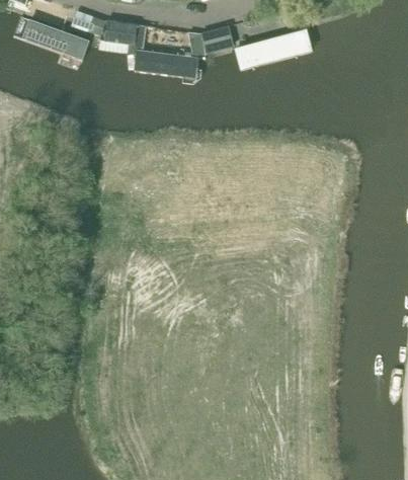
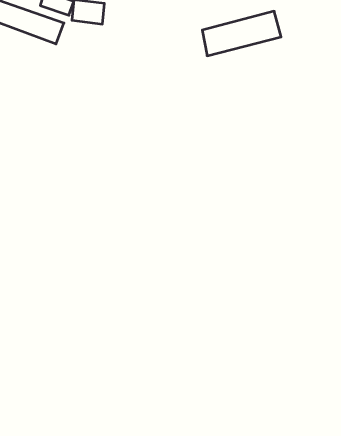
building: [199,24,233,52] -> none
building: [133,50,200,80] -> none

